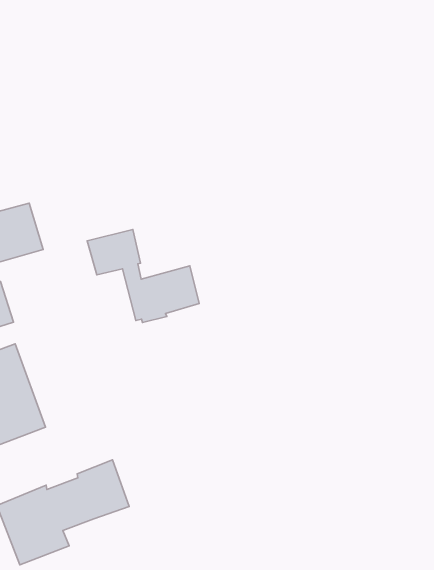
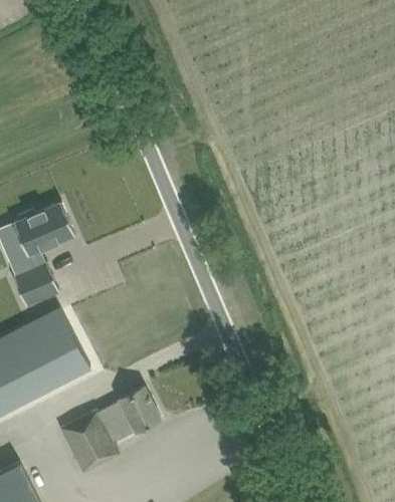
building: [87,230,199,323] -> none

